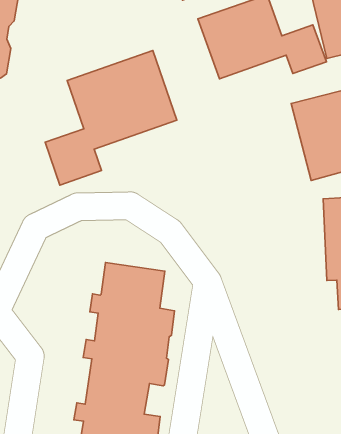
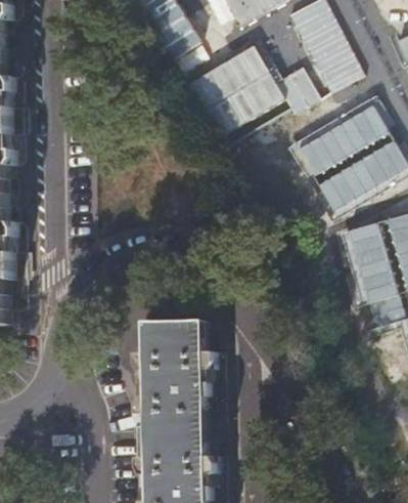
building: [45,51,177,185] -> none

